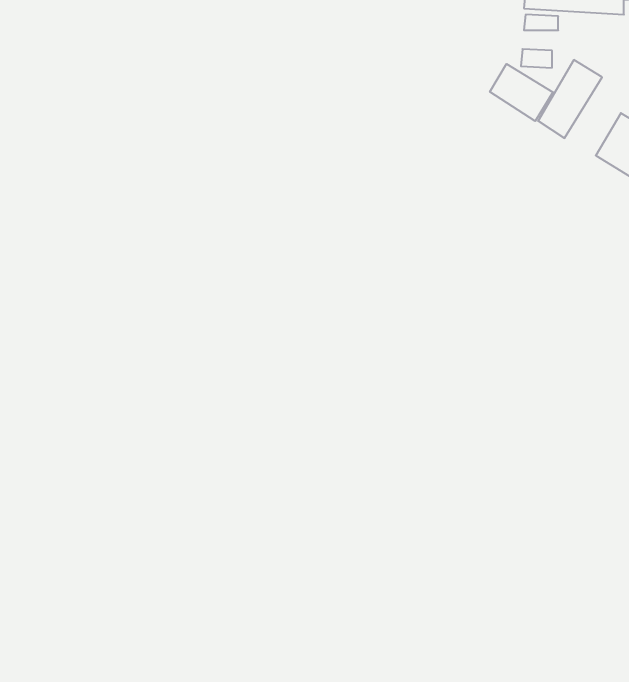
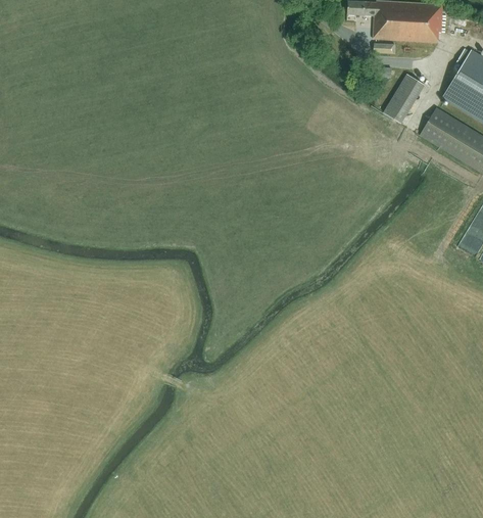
building: [490,64,553,121] -> none

